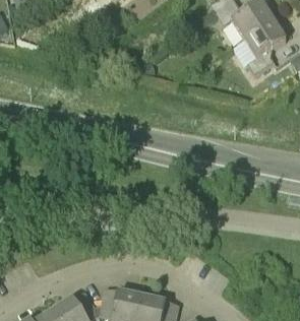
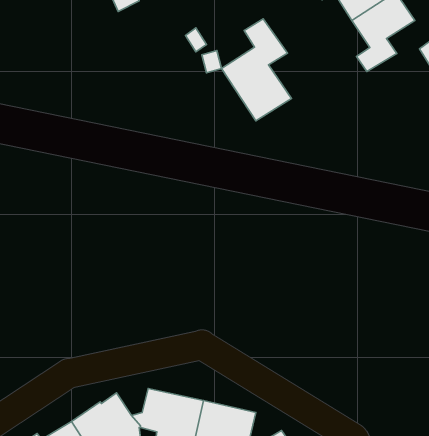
building: none -> [221,19,291,121]

